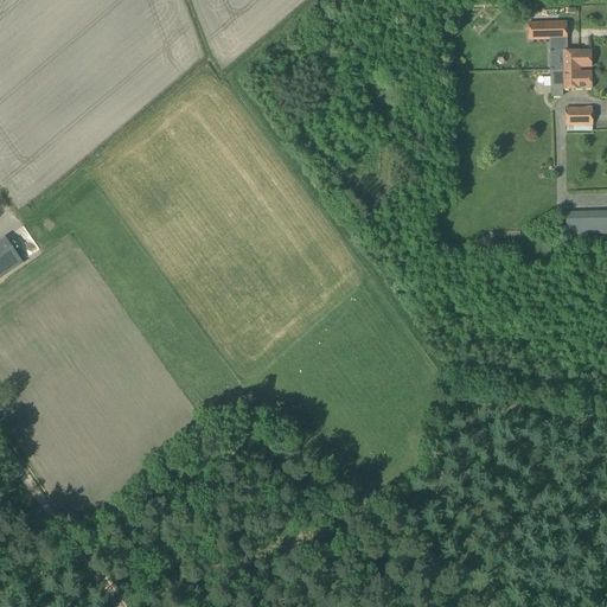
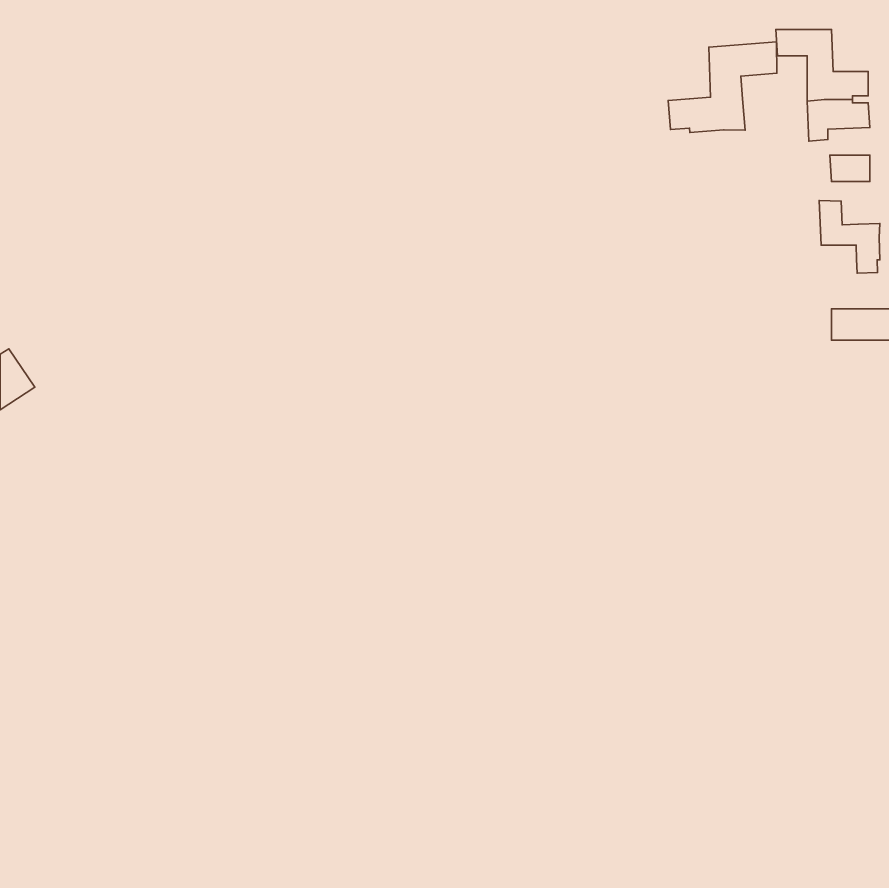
building: none -> [668,42,777,132]
building: none -> [819,201,880,273]

